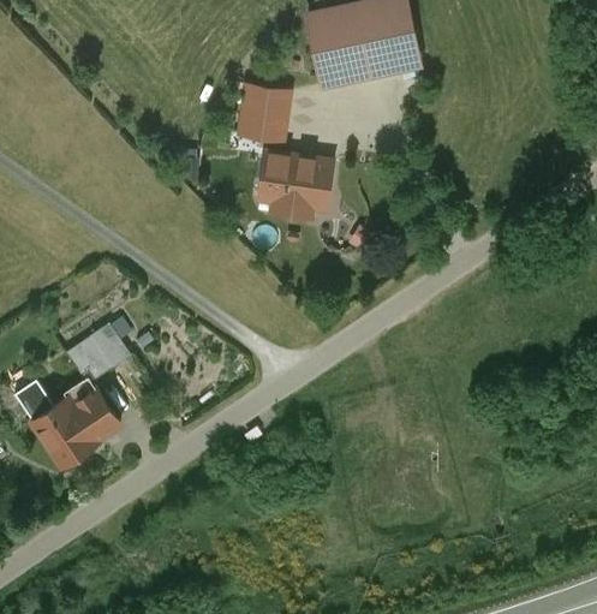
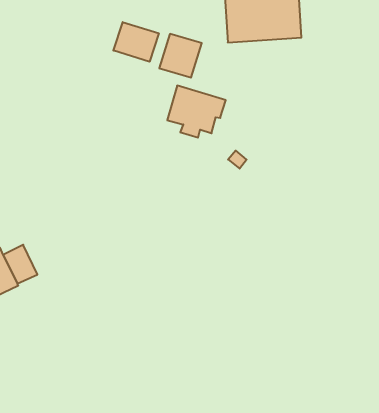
building: none -> [113,22,159,62]
building: [66,324,131,386] -> none

